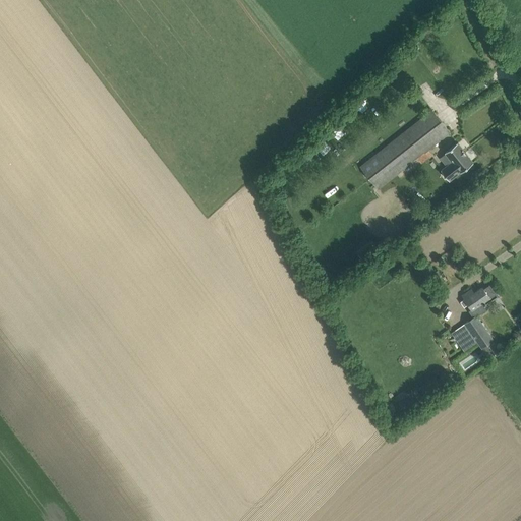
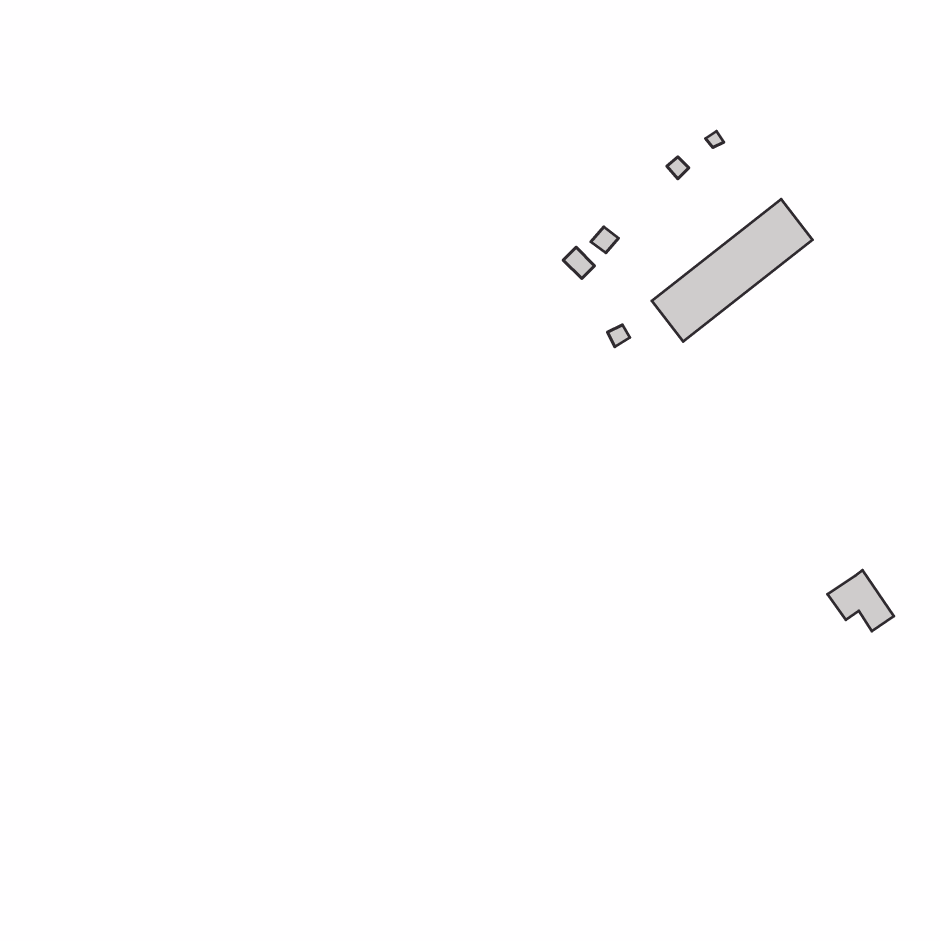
building: [440,143,471,181] -> none
building: [460,285,497,319] -> none

